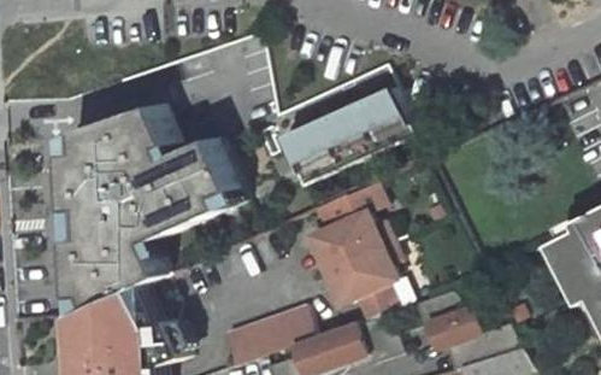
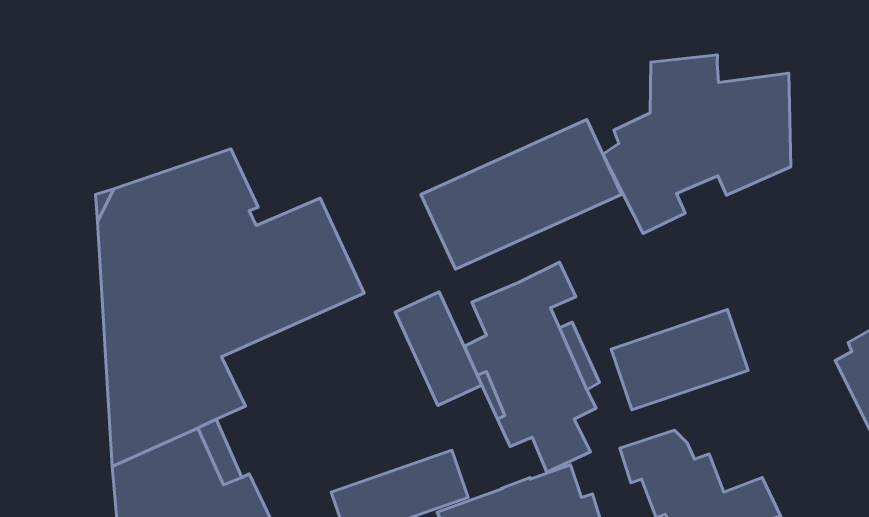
building: none -> [603,55,791,234]
building: none -> [395,292,482,406]
building: none -> [611,310,748,410]

